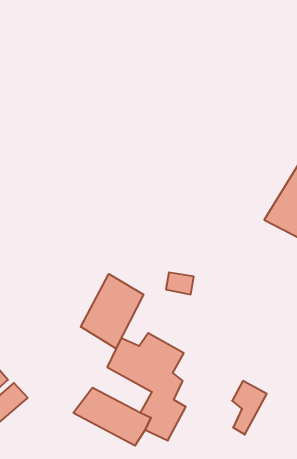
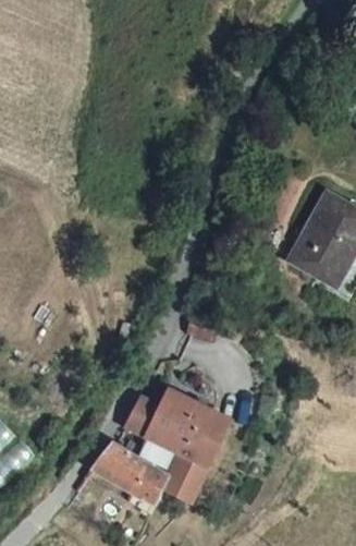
building: [81,274,144,348] -> none
building: [232,381,267,435] -> [193,408,231,466]

